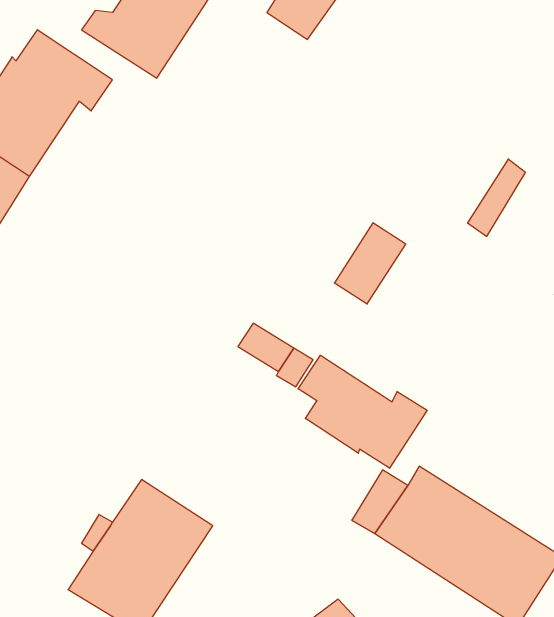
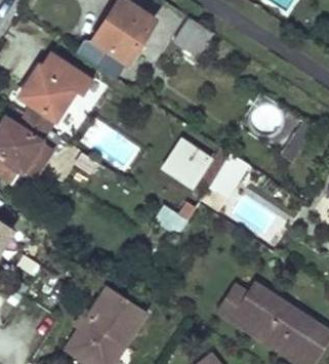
building: none -> [165,140,209,180]
building: [298,355,427,468] -> none

